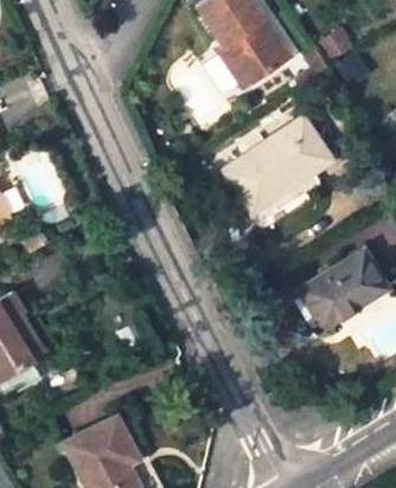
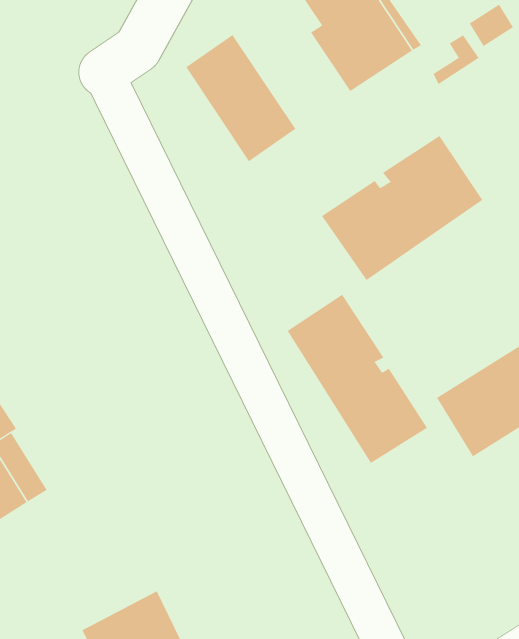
building: none -> [185,34,296,162]
building: none -> [287,294,428,464]

